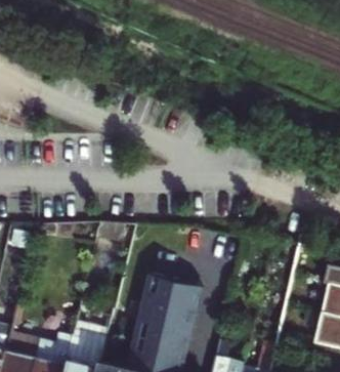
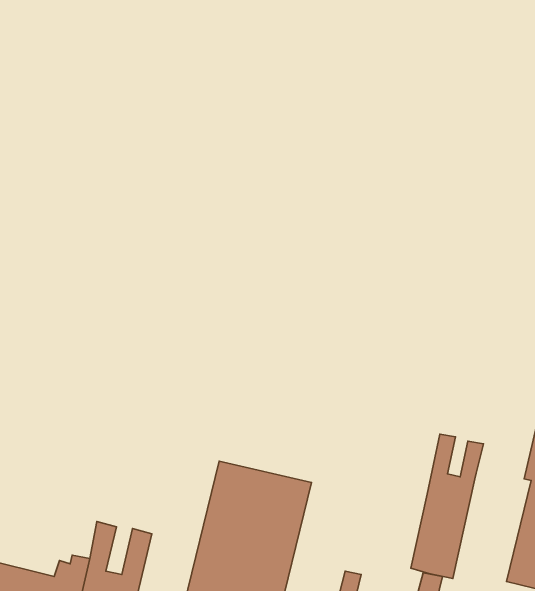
building: none -> [411,434,484,579]

